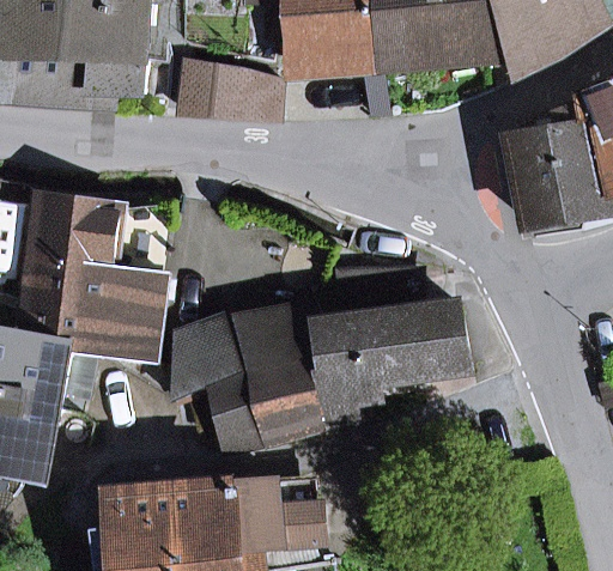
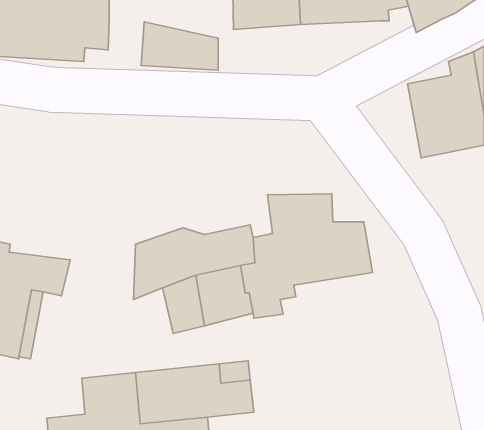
building: [22,195,165,362] -> none

